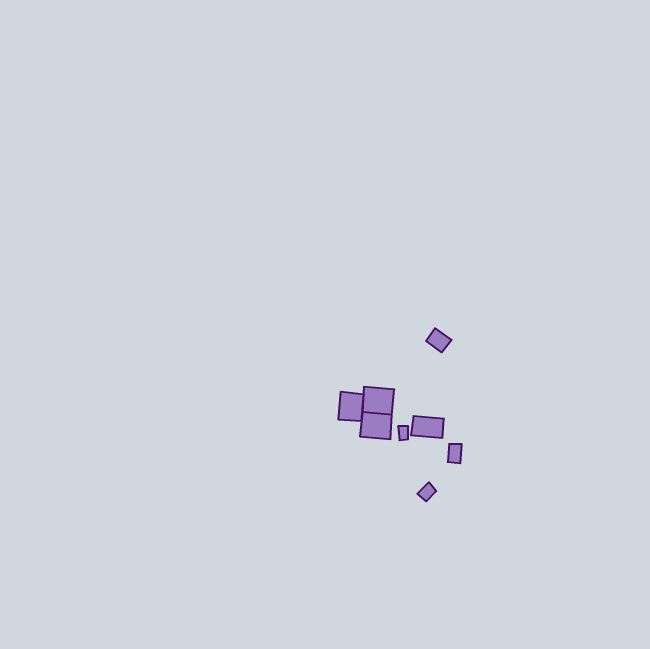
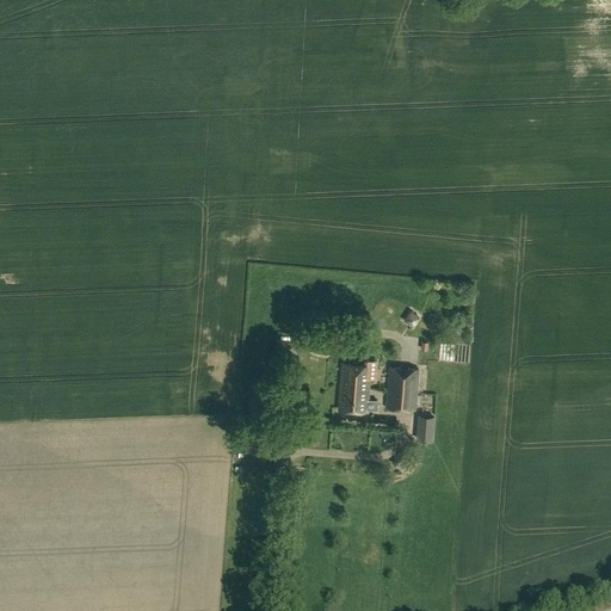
building: [339,392,363,421] -> none
building: none -> [388,369,419,394]

